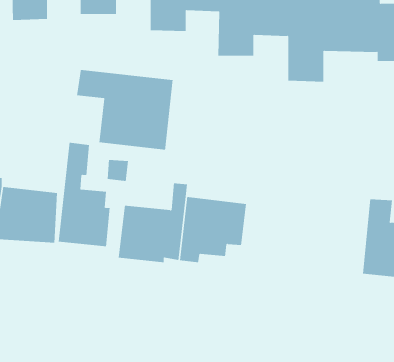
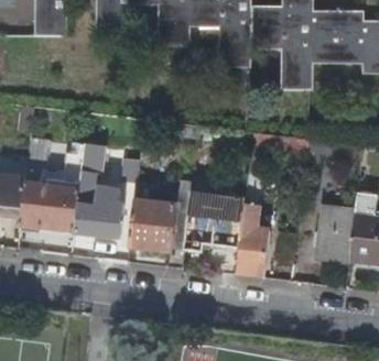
building: [76,69,173,151] -> none
building: none -> [236,171,269,276]
building: none -> [316,205,351,260]

